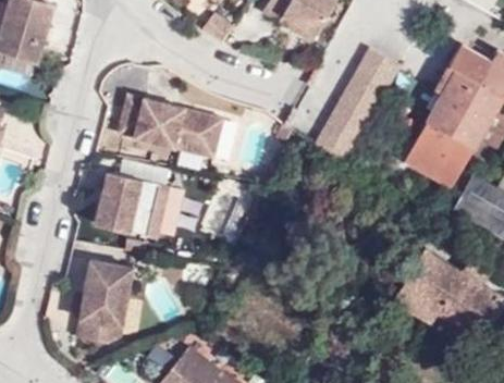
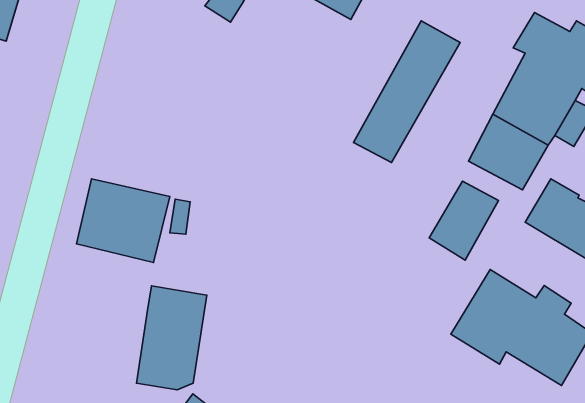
building: [114,99,222,160] -> none
building: none -> [429,181,499,260]
building: [74,260,131,344] -> [137,286,207,390]

